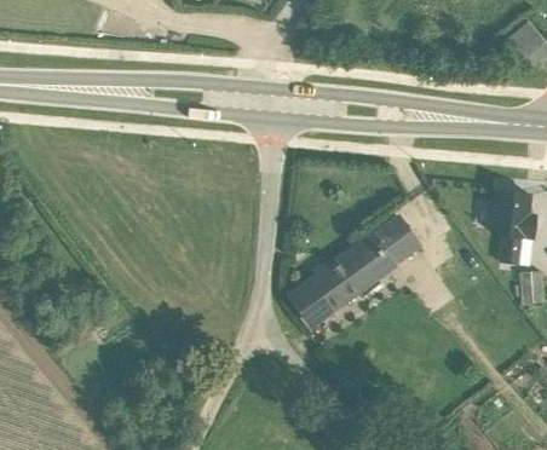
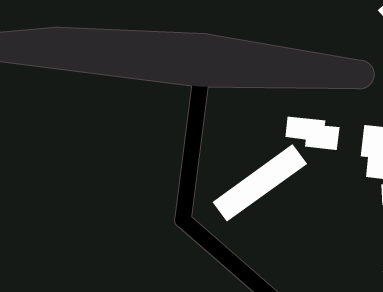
building: none -> [285,116,340,151]

